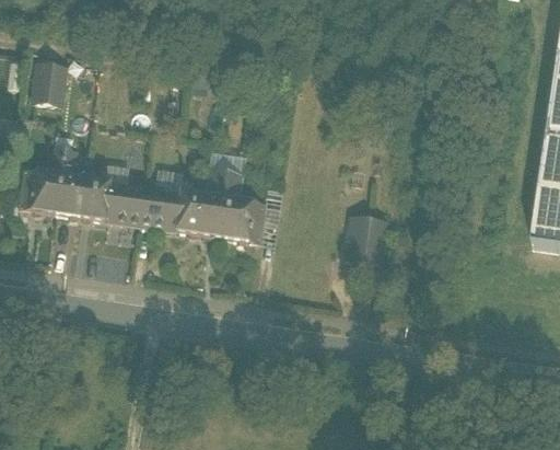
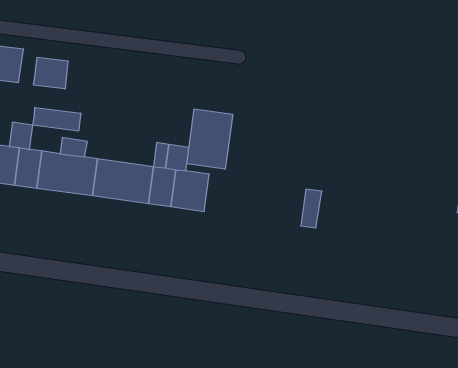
building: none -> [33,57,68,89]
building: none -> [33,107,81,131]
building: none -> [187,109,233,169]
building: [348,217,371,258] -> none

